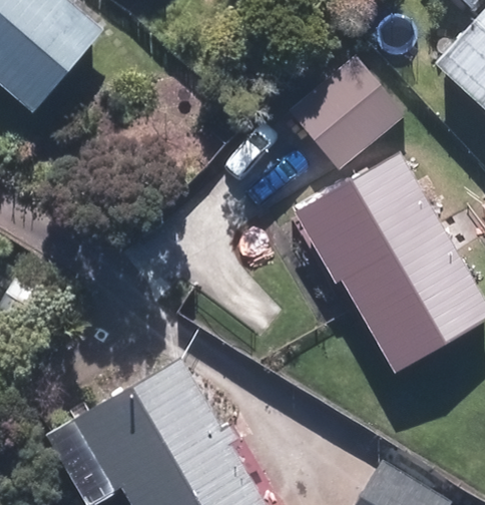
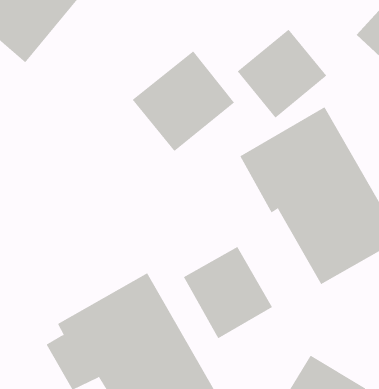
building: none -> [132,51,235,152]
building: none -> [183,246,273,339]

